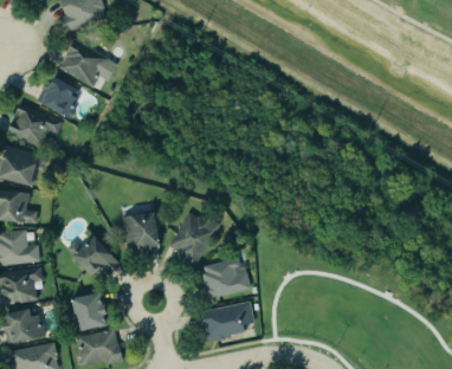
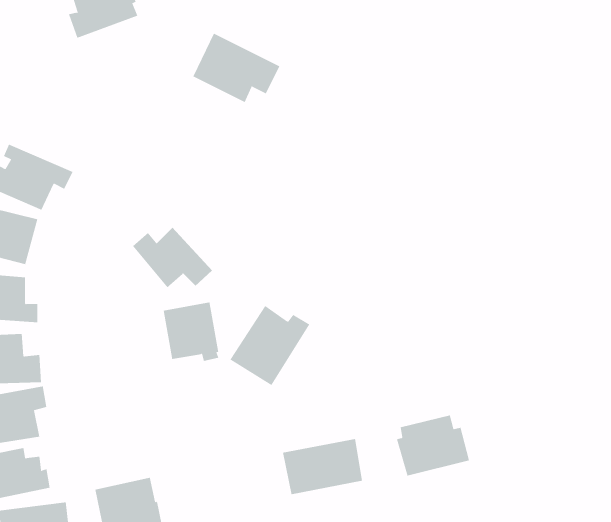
building: [60,40,120,88] -> [192,33,280,103]
building: [38,78,82,117] -> none
building: [67,235,122,277] -> [132,227,213,288]
building: [201,257,251,298] -> [396,415,470,476]
building: [71,291,106,330] -> none

